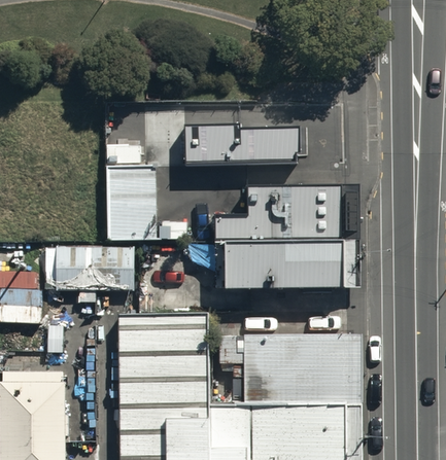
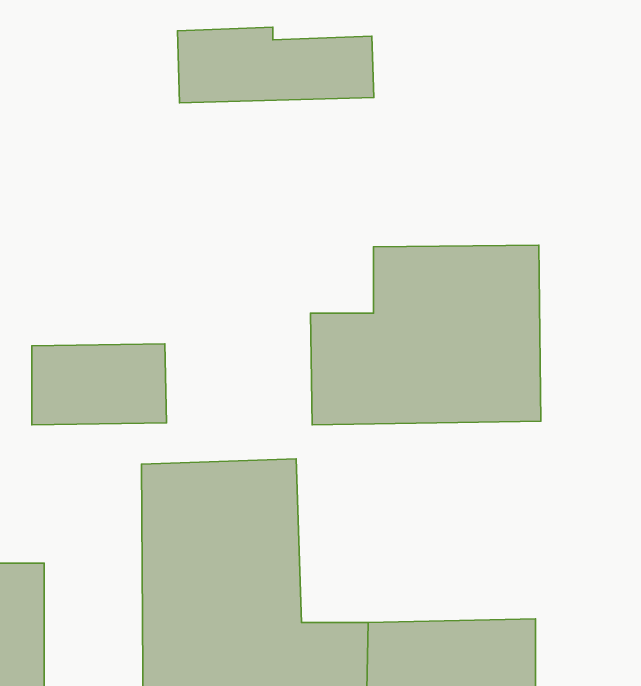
building: [185,123,298,167] -> [178,27,374,103]
building: [104,164,156,240] -> none
building: [242,335,344,402] -> none

